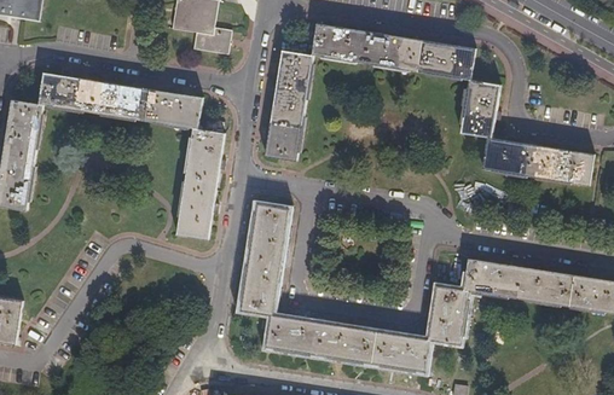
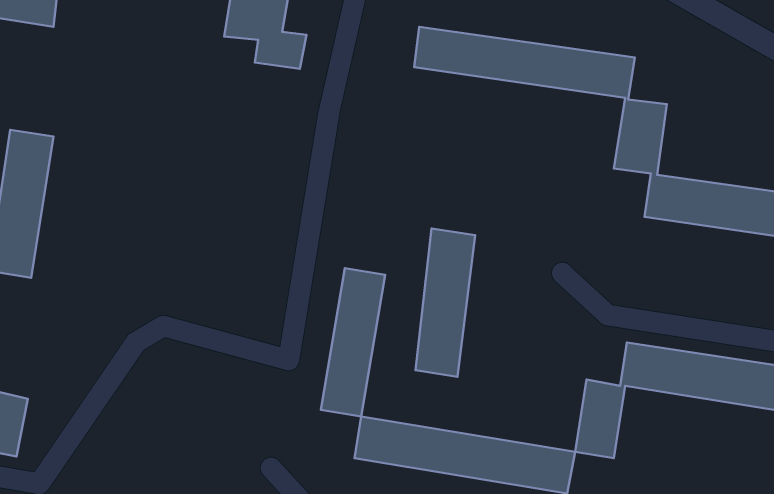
building: [268,48,313,159] -> [415,229,475,377]
building: [42,72,225,239] -> none

